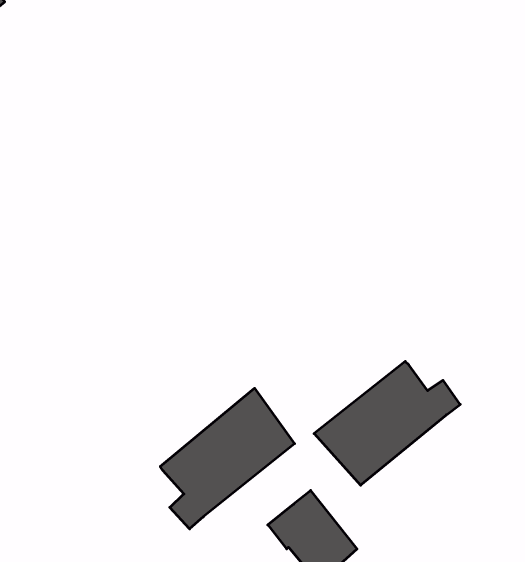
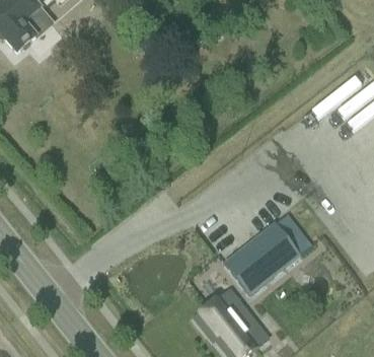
building: [160,388,295,529] -> none

